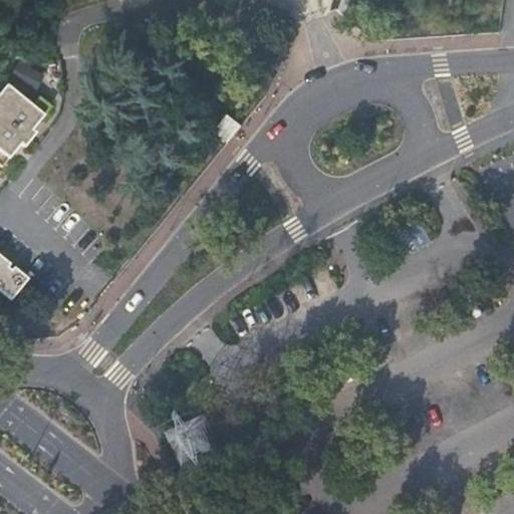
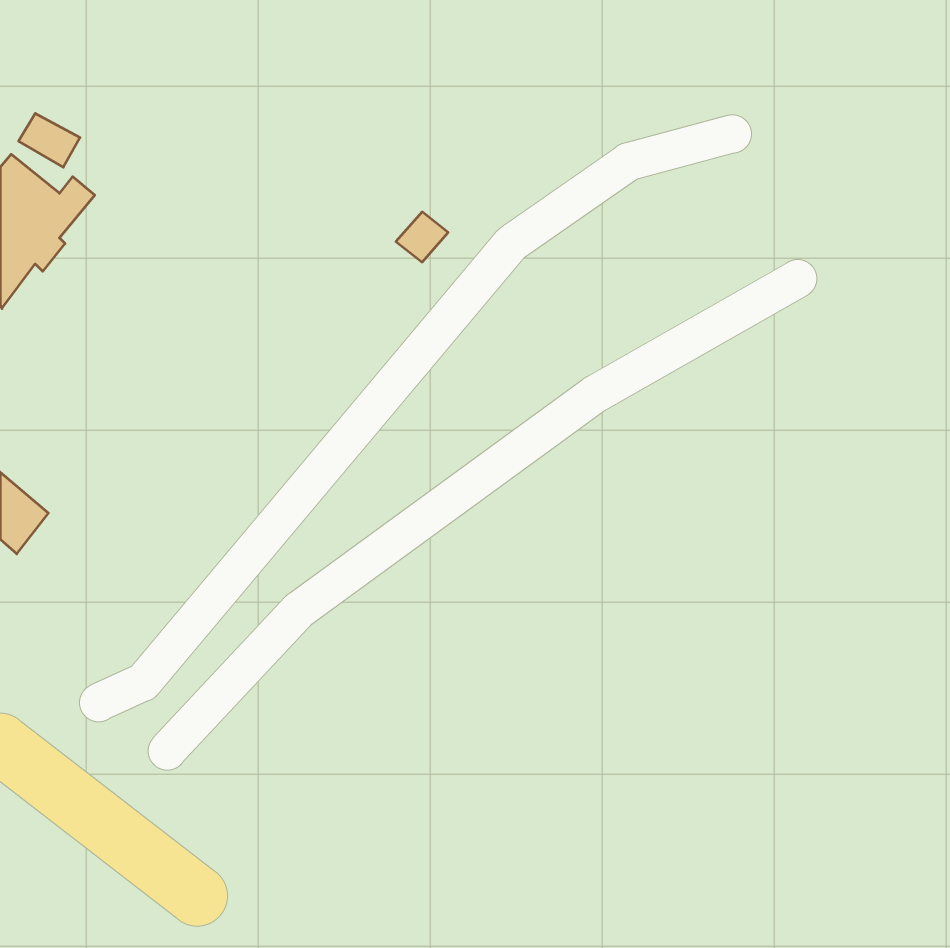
building: [170,417,209,454] -> none

